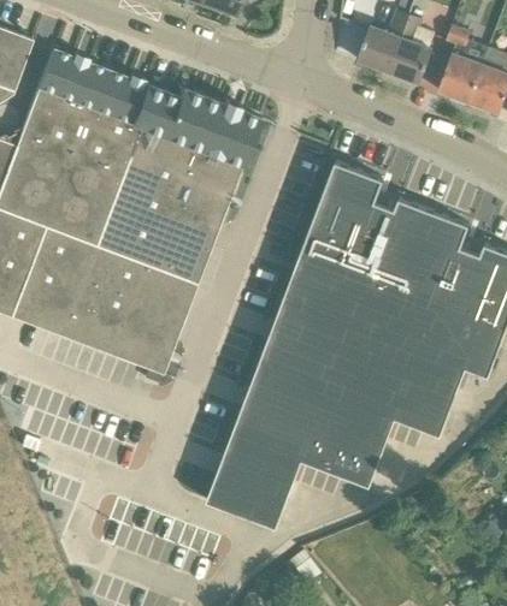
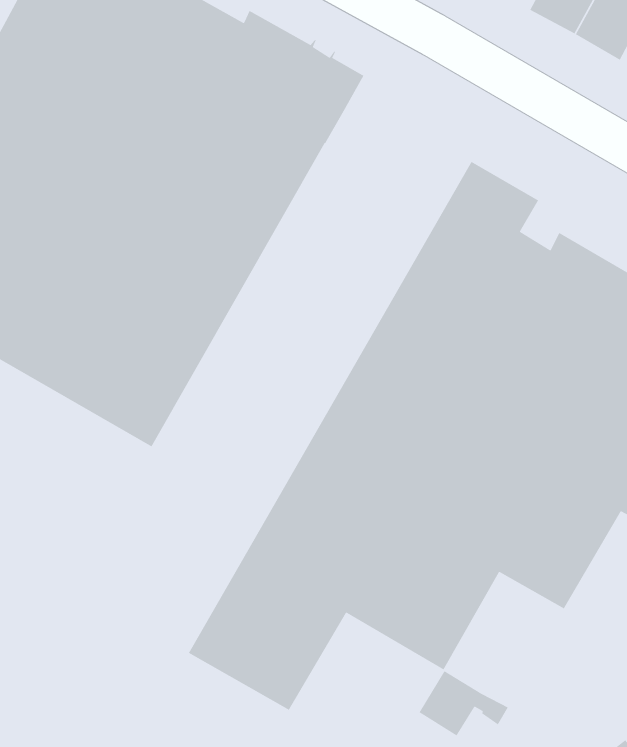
building: none -> [418,670,509,737]

